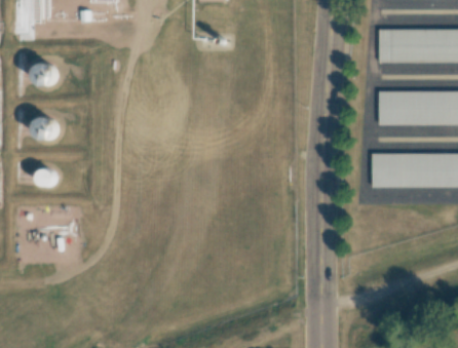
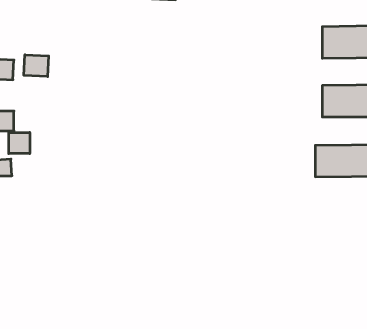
building: none -> [24,55,49,77]
building: none -> [9,132,30,154]

